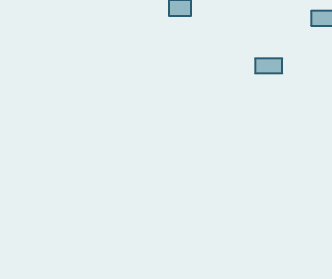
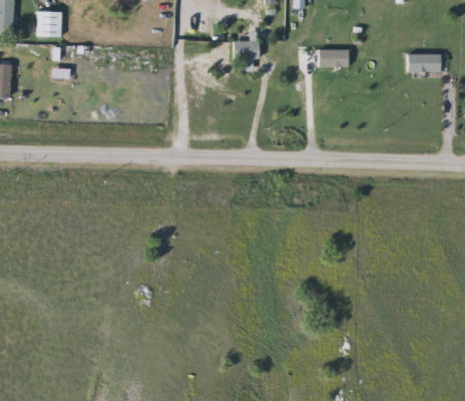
building: [255,58,282,73] -> [316,49,349,67]

